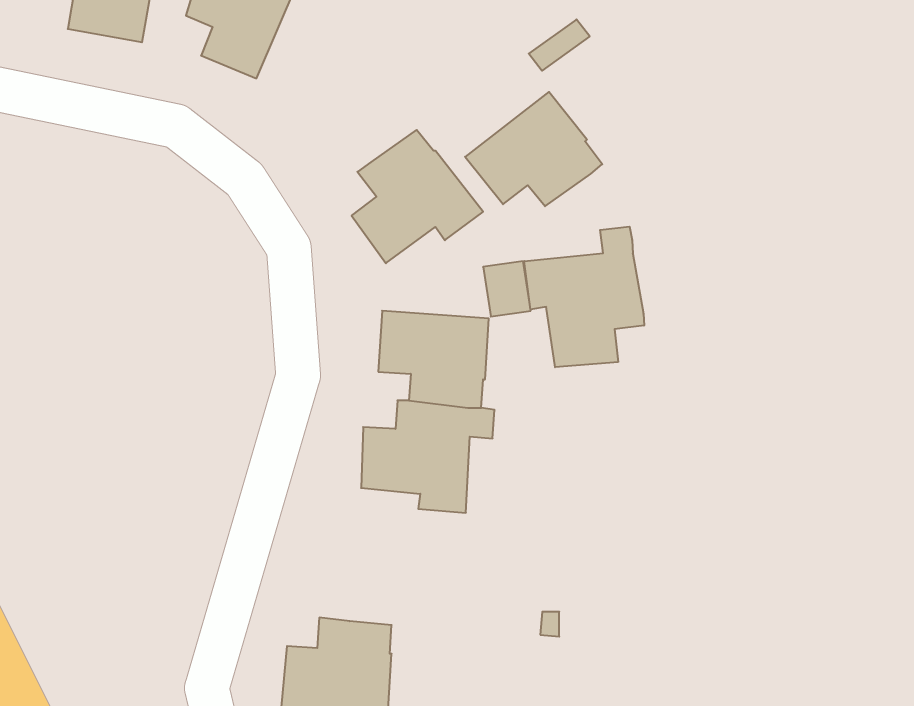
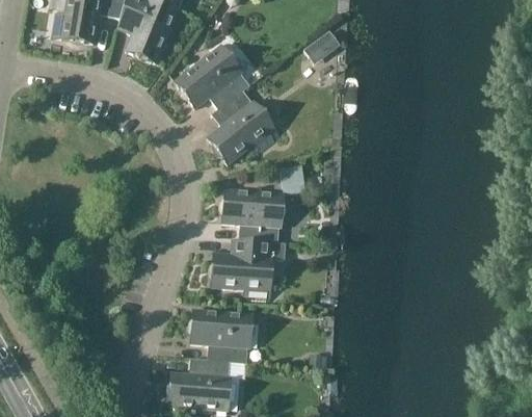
building: [465,92,602,206] -> [175,46,249,108]
building: [524,227,644,367] -> none
building: none -> [191,309,251,363]

